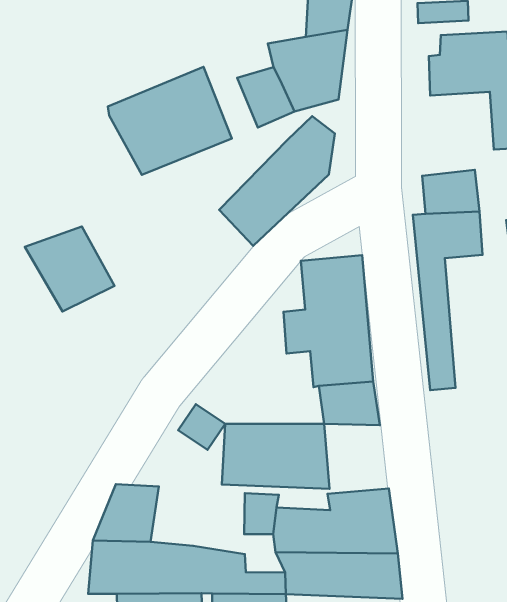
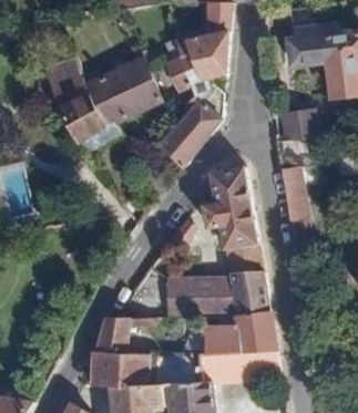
building: [25,226,114,312] -> [52,90,109,143]
building: none -> [229,271,272,316]

